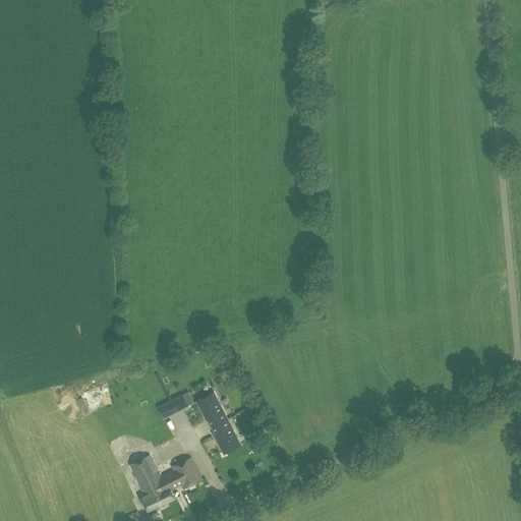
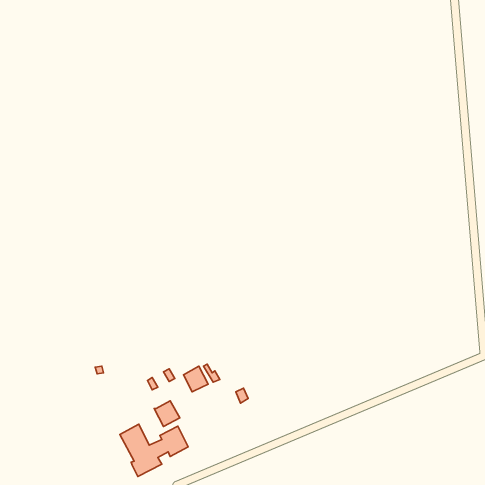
building: [213,425,240,453] -> [154,401,180,427]

